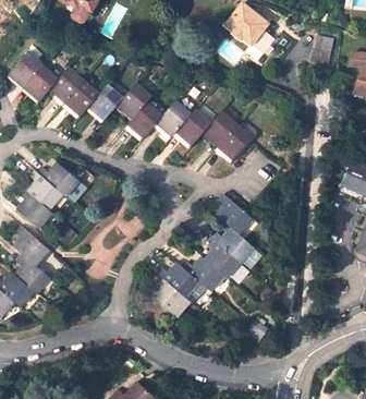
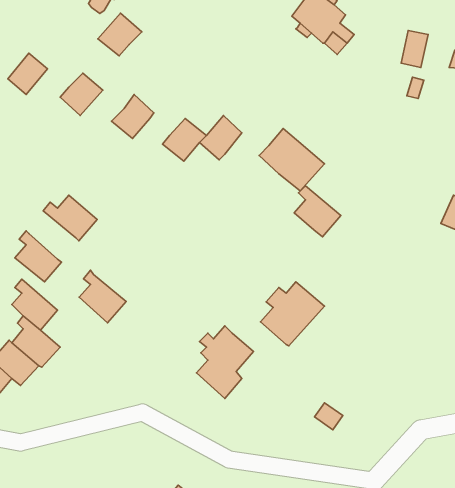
building: [24,65,57,100] -> none
building: [65,82,99,114] -> [98,13,142,56]
building: [119,84,151,117] -> none
building: [176,110,210,145] -> none
building: [26,171,62,211] -> [79,270,126,323]
building: [216,195,252,234] -> [294,186,341,237]
building: [182,257,223,292] -> none

